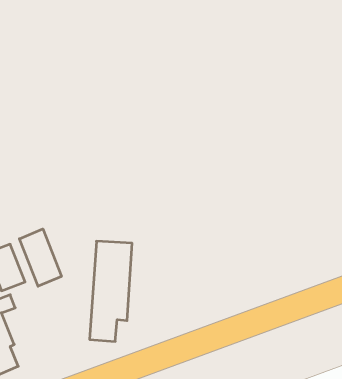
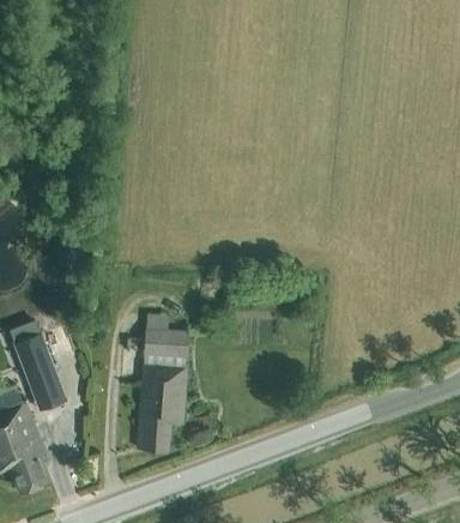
building: [19,229,61,286] -> none

